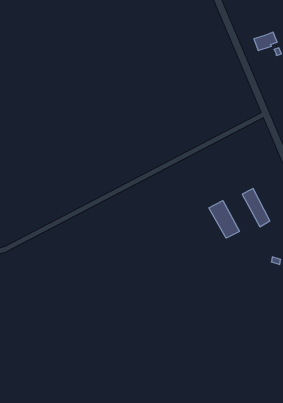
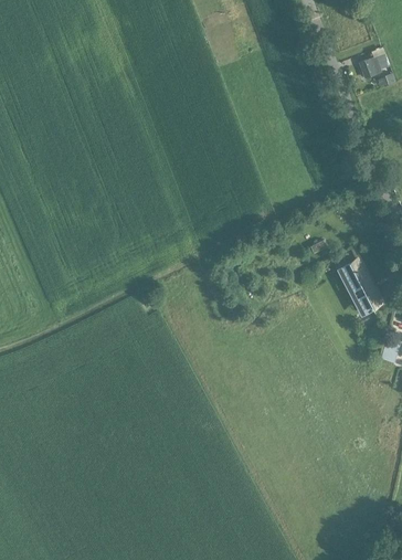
building: [209,201,239,238] -> none

